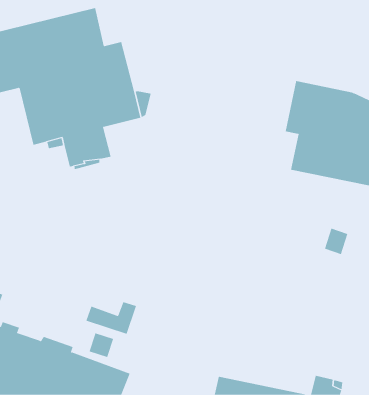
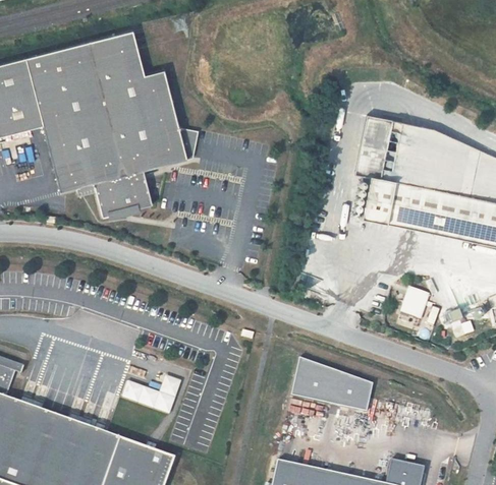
building: none -> [290,363,372,410]
building: [89,332,114,358] -> none

